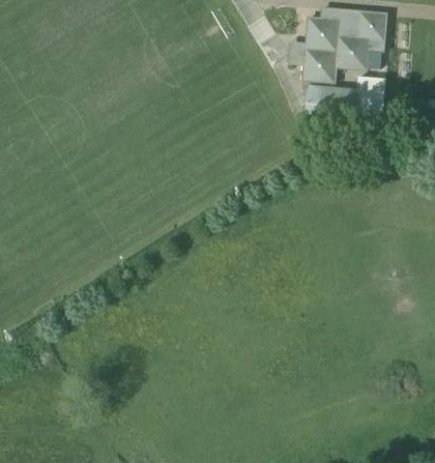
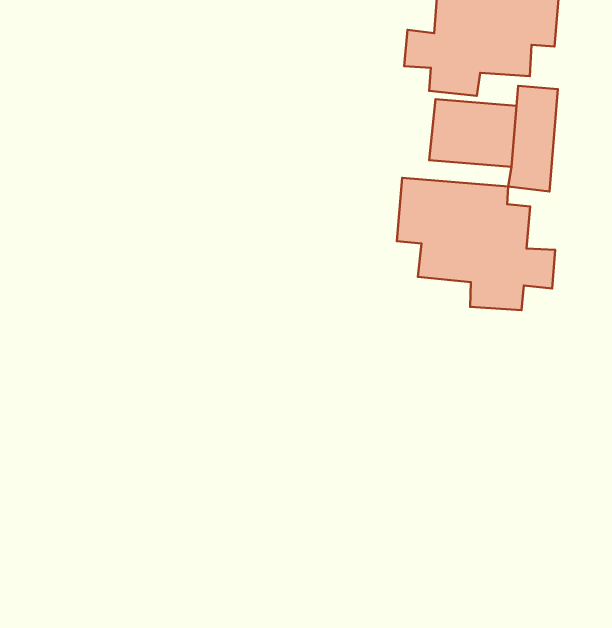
building: none -> [397,178,555,310]

